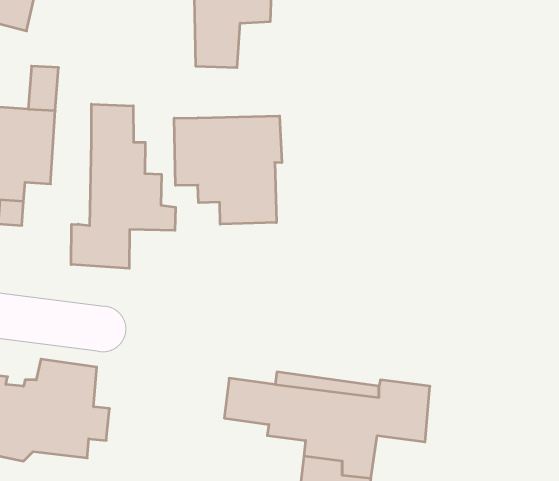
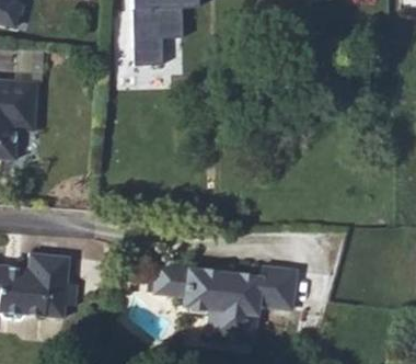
building: [71,104,176,268] -> none
building: [174,116,282,224] -> none

